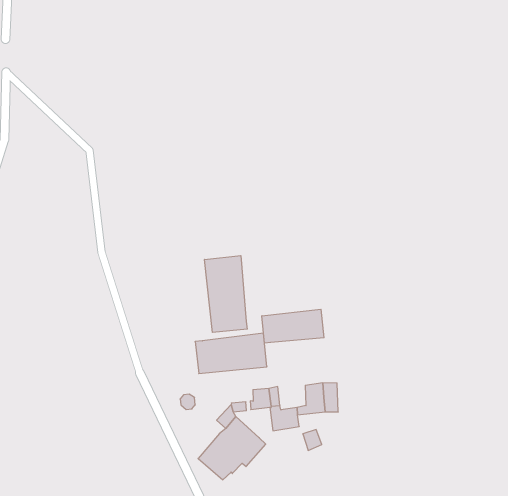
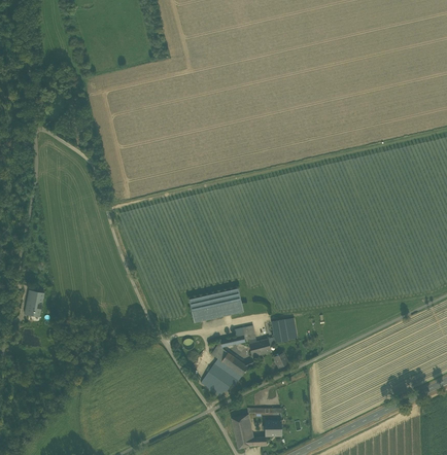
building: [205,256,247,332] -> none
building: [262,309,324,343] -> none

